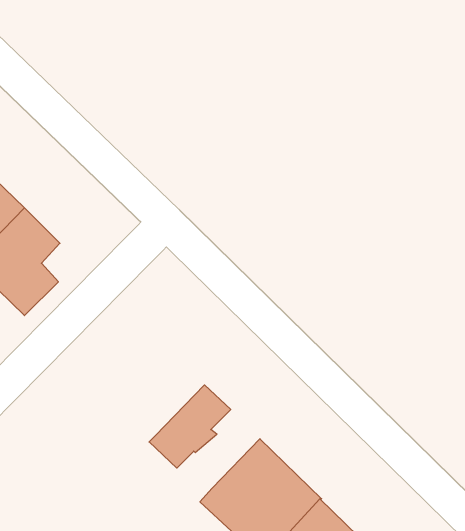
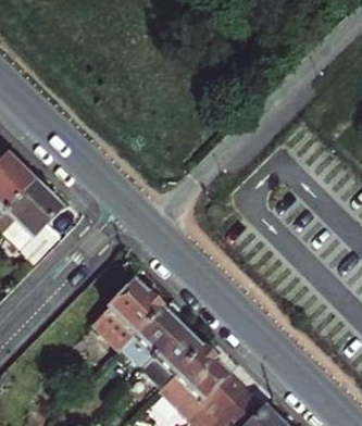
building: none -> [97,280,163,343]
building: none -> [143,325,202,380]

